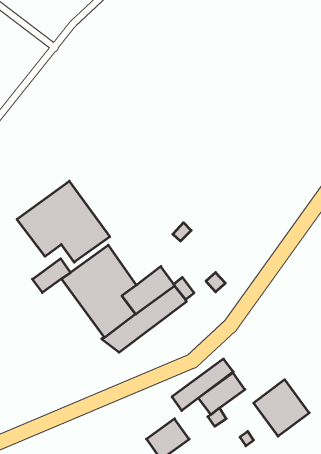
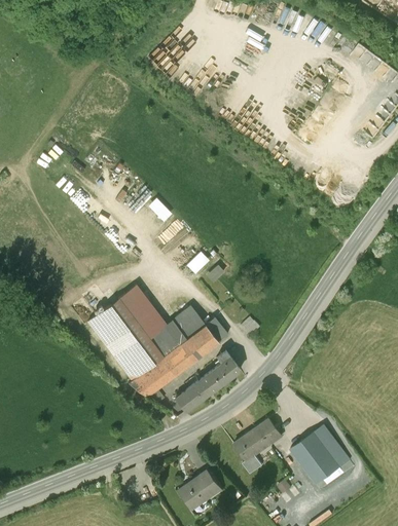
building: [17,181,110,262] -> none
building: [32,259,70,293] -> none
building: [172,359,233,411] -> [176,358,241,412]

